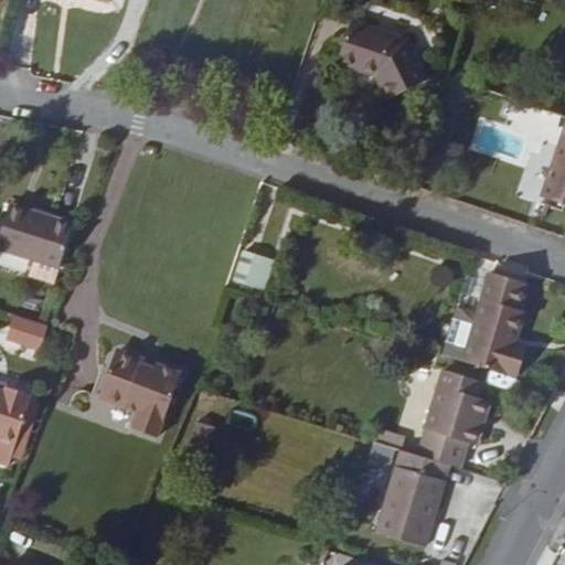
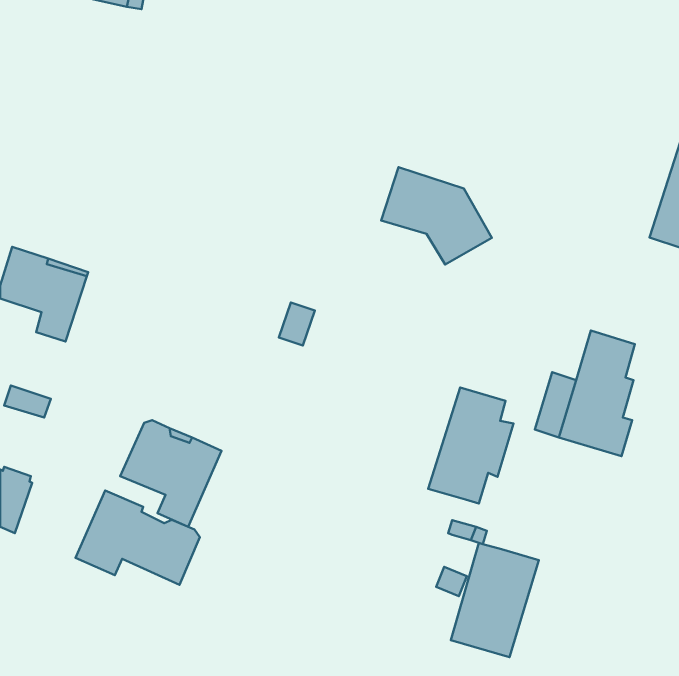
building: [334,18,426,98] -> [381,167,492,264]
building: [417,371,488,467] -> [428,388,514,504]
building: none -> [75,490,200,585]

